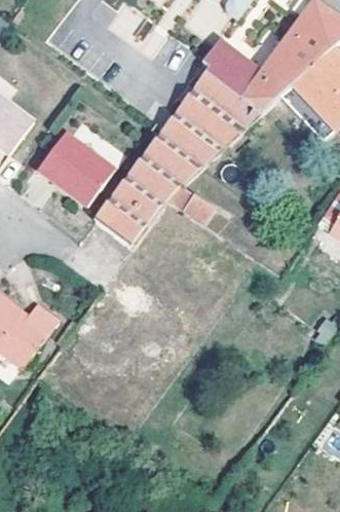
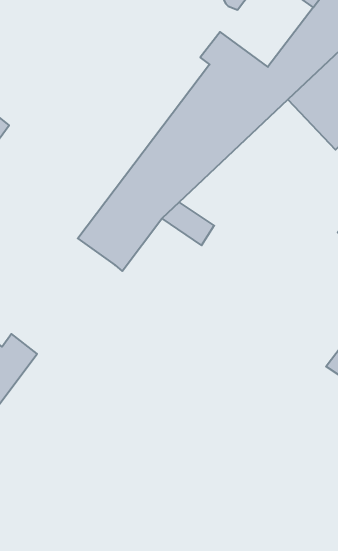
building: [37,131,115,205] -> none

